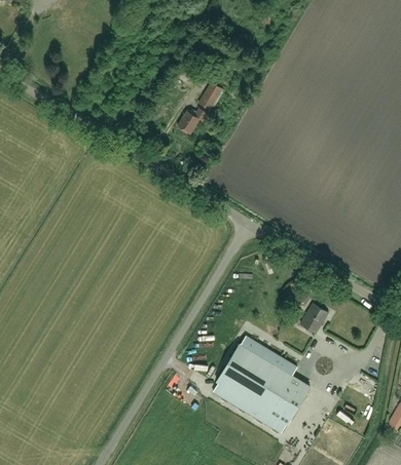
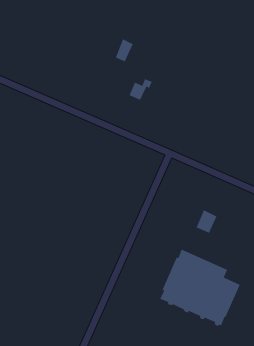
building: [178,108,209,133] -> [128,78,153,101]
building: [301,303,329,333] -> [195,209,218,234]

